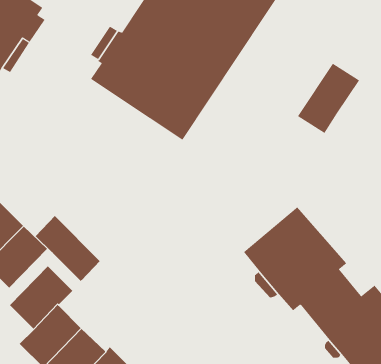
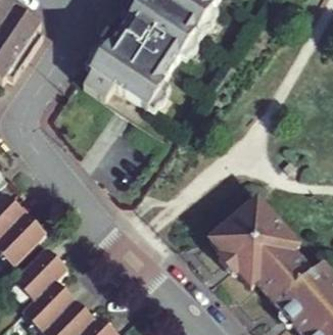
building: [297,63,360,134] -> none
building: [35,215,101,282] -> none

